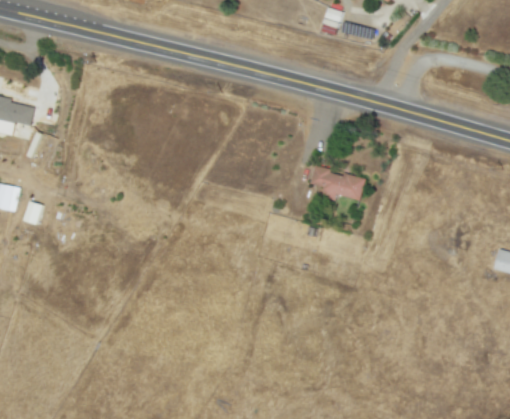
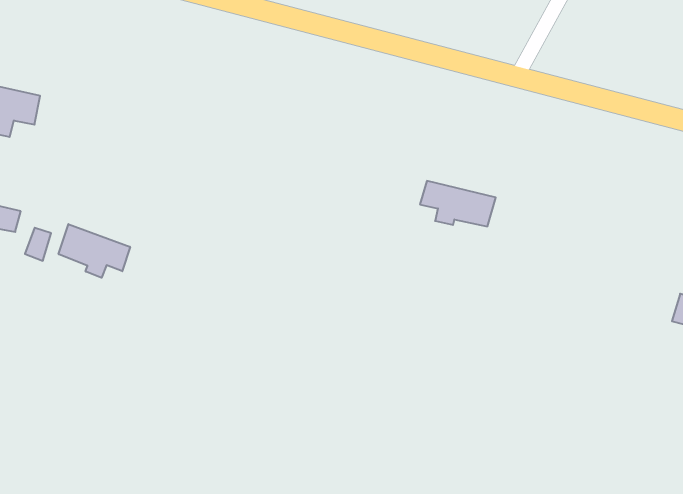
building: none -> [59,224,130,278]

